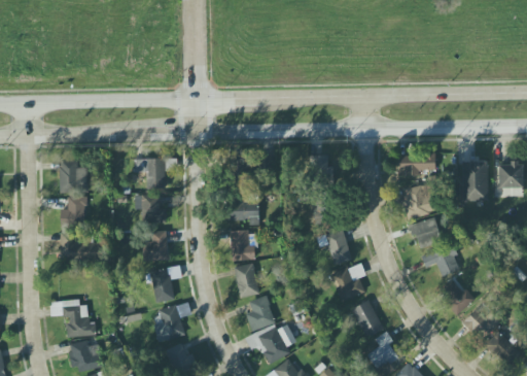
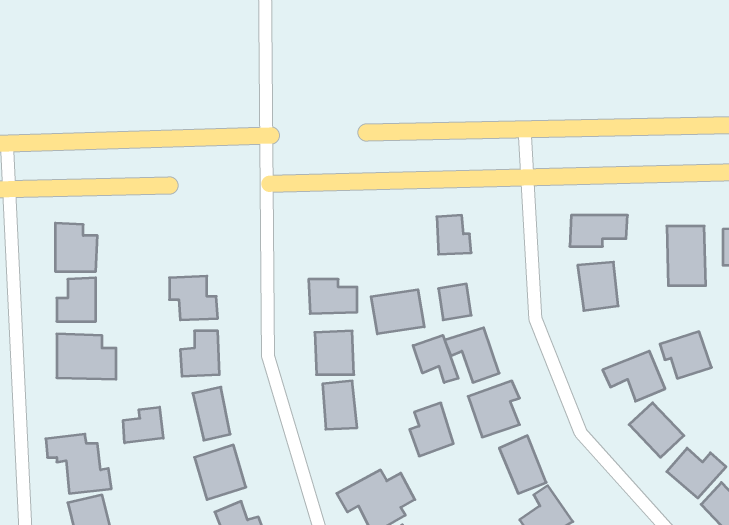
building: [136,158,173,189] -> none
building: none -> [371,290,424,334]
building: [409,217,443,248] -> [660,332,712,378]
building: none -> [413,335,458,383]
building: none -> [123,407,163,443]
building: [246,296,275,331] -> [410,403,453,456]

